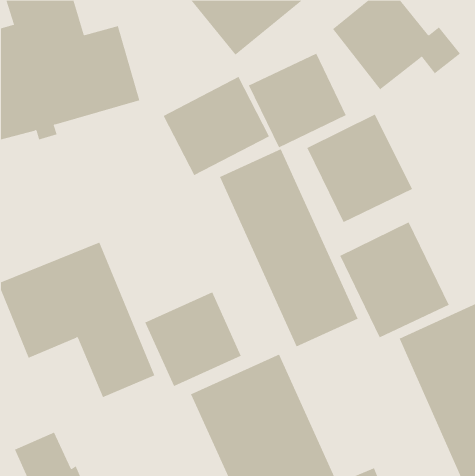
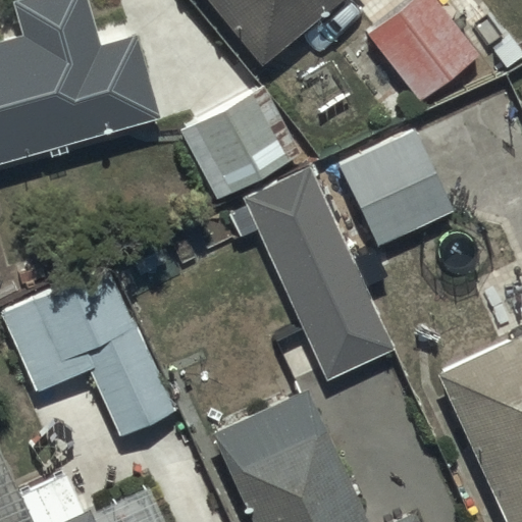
building: [248,53,346,148] -> none
building: [339,222,450,338] -> none
building: [145,291,242,387] -> none

